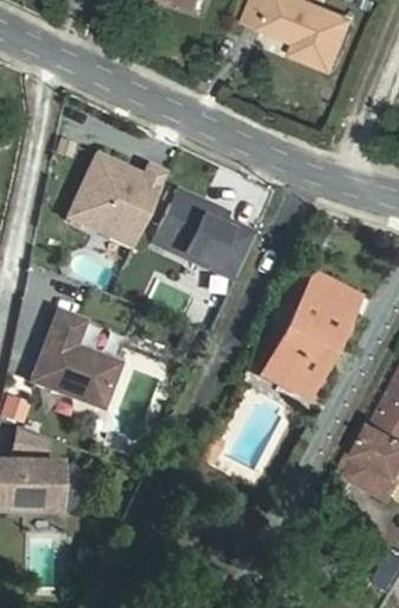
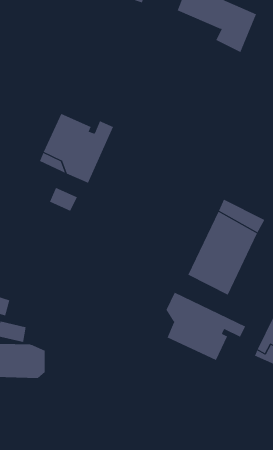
building: [150,188,253,280] -> none
building: [33,310,118,403] -> none
building: none -> [166,292,246,361]

